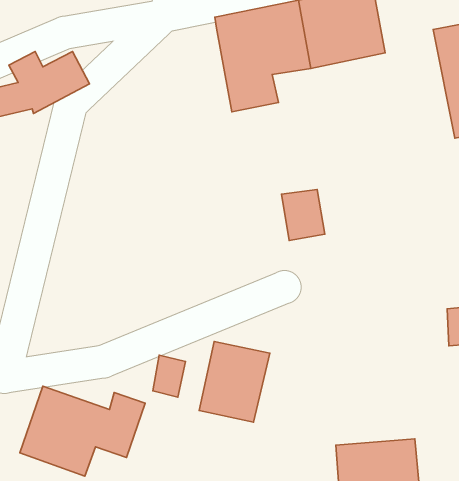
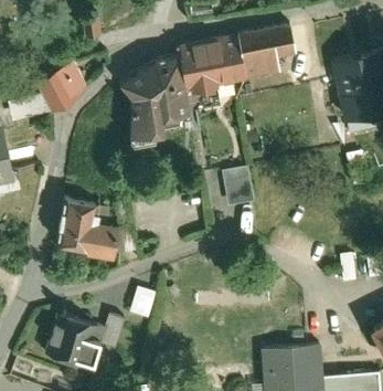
building: none -> [115,56,189,139]
building: none -> [55,204,117,263]
building: [199,341,270,422] -> none

